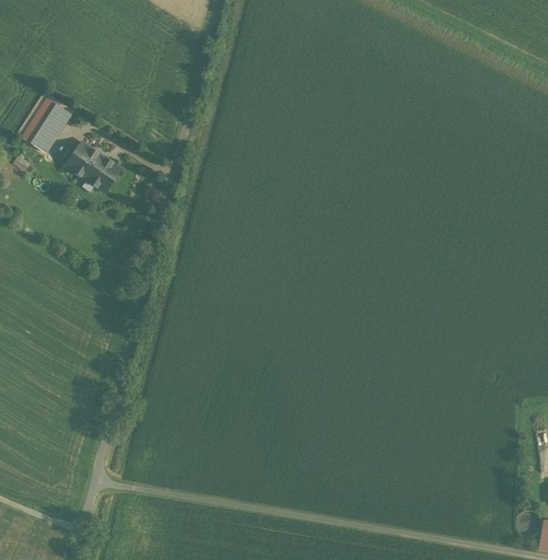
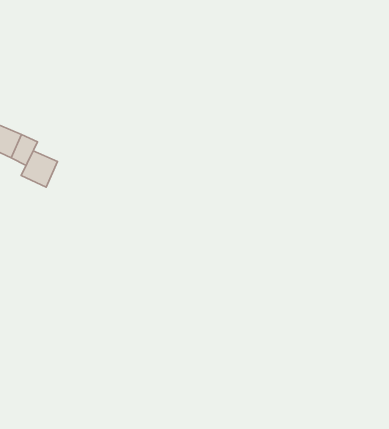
building: none -> [21,151,57,187]

